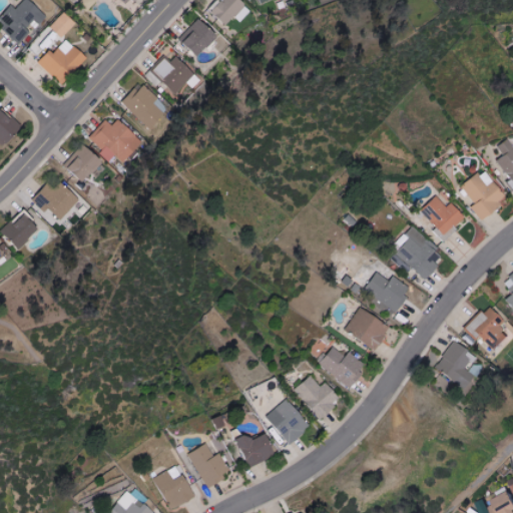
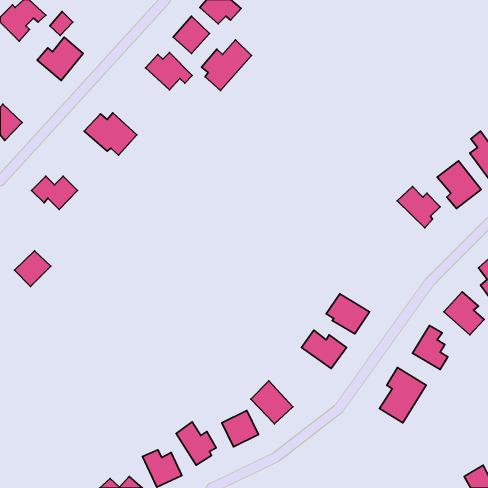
building: none -> [202,40,252,90]
building: [123,82,171,128] -> none
building: [66,143,105,182] -> none
building: [5,212,43,249] -> [14,251,51,286]
building: [392,227,442,279] -> none
building: [363,272,408,310] -> none
building: [294,374,340,417] -> none
building: none -> [380,368,426,423]

